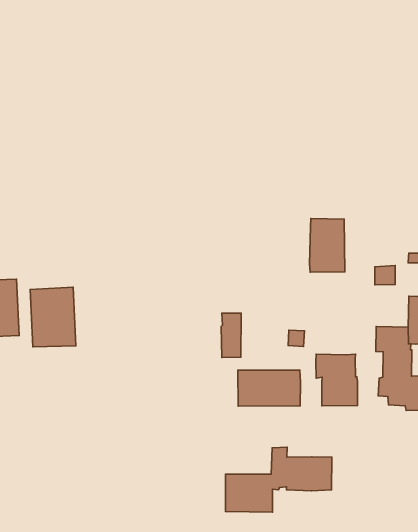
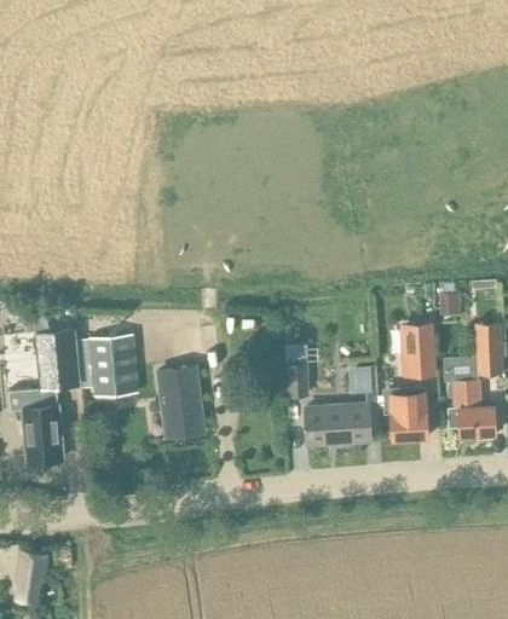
building: [310,219,345,272] -> [399,323,437,378]
building: none -> [157,368,204,439]
building: [225,447,332,512] -> none

